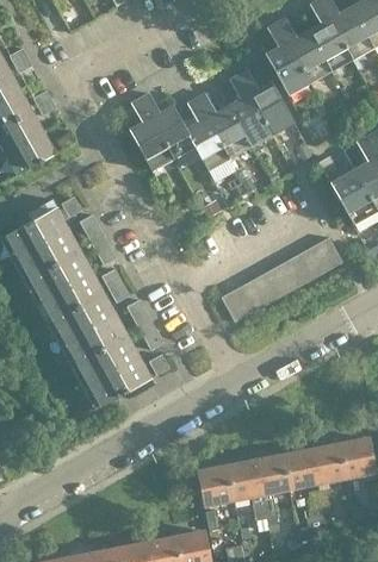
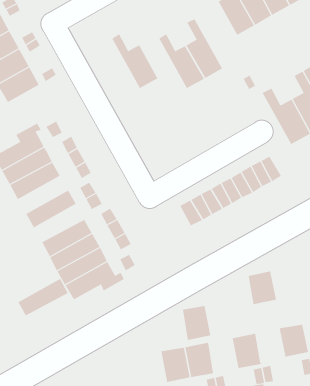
building: [238,68,293,133] -> none
building: [124,98,173,169] -> none
building: [186,98,229,169] -> none
building: [27,261,88,306] -> none
building: [47,294,107,339] -> [17,278,69,316]
building: [311,442,346,482] -> [248,271,277,305]
building: [255,454,290,495] -> [182,305,211,340]

